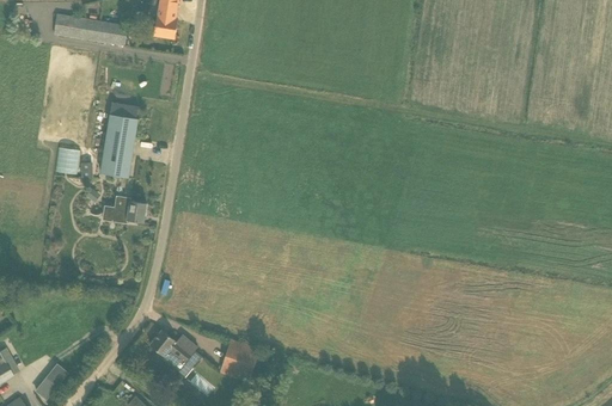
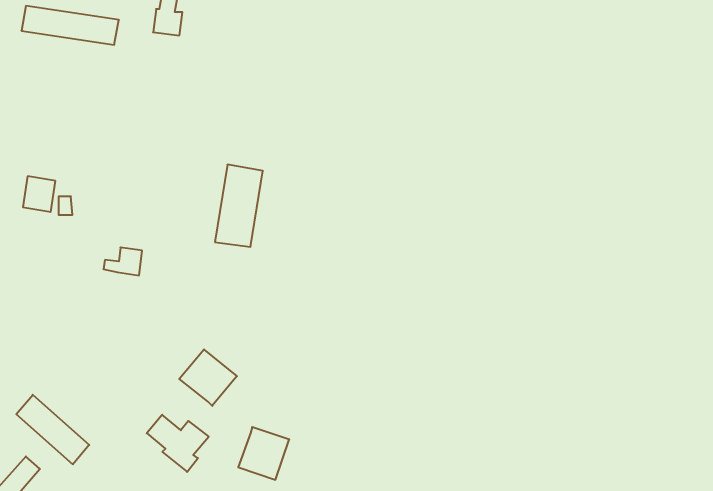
building: [100,113,137,177] -> [215,165,263,247]
building: none -> [179,349,237,406]
building: none -> [16,395,89,464]

